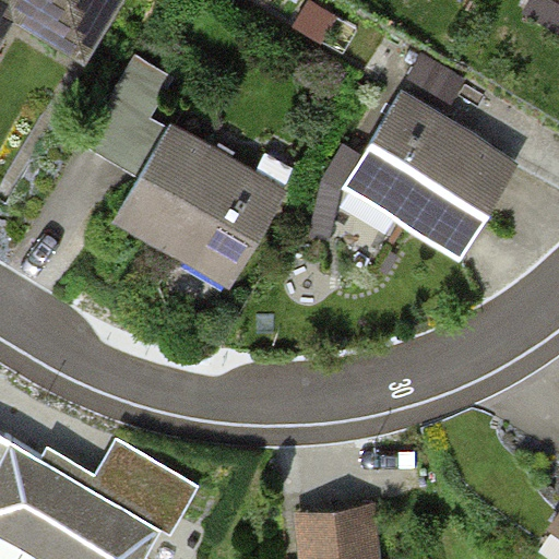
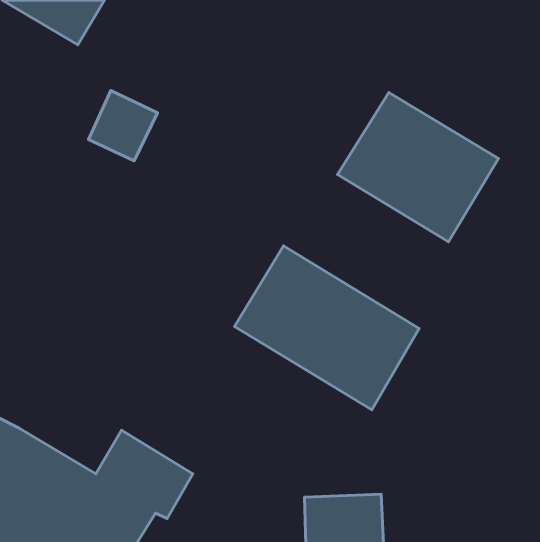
building: [116,127,281,278] -> none
building: none -> [234,246,419,410]

